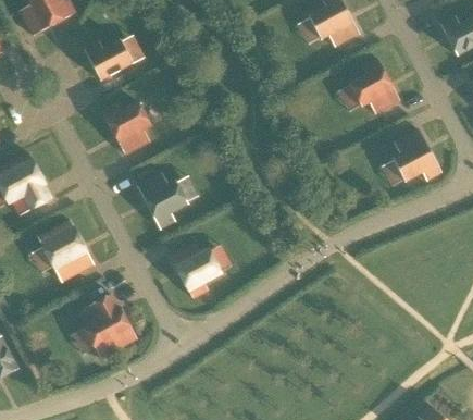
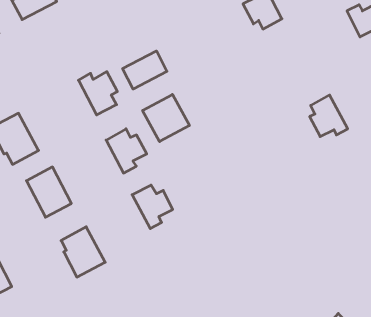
building: [84,39,133,81] -> none
building: [348,58,399,113] -> none
building: none -> [123,51,167,89]
building: none -> [143,94,189,142]

